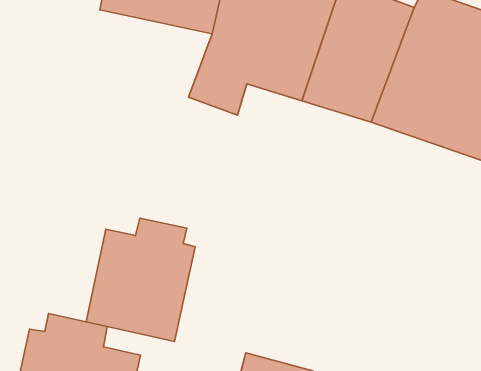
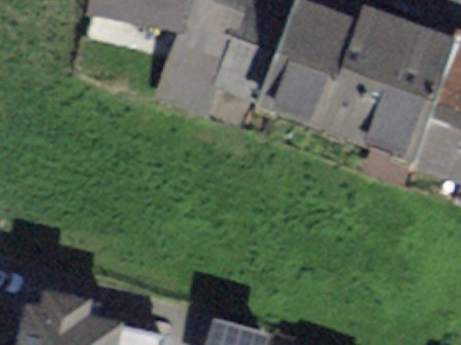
building: [86,218,195,341] -> none

